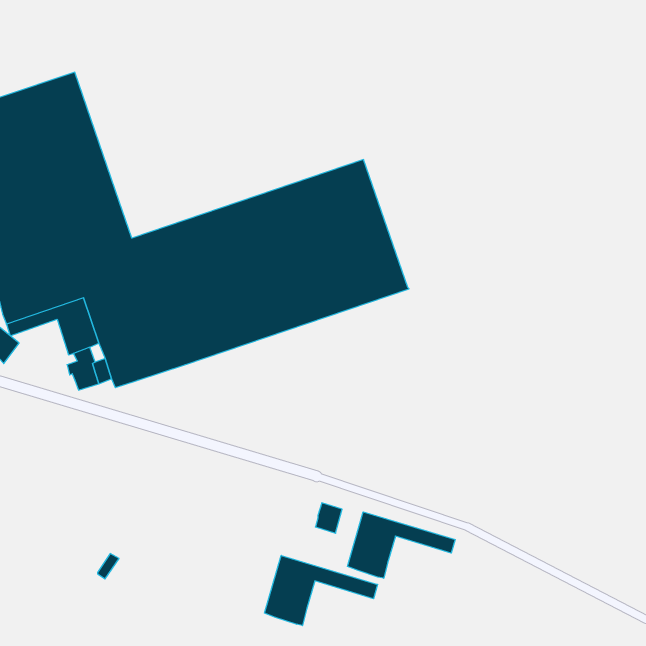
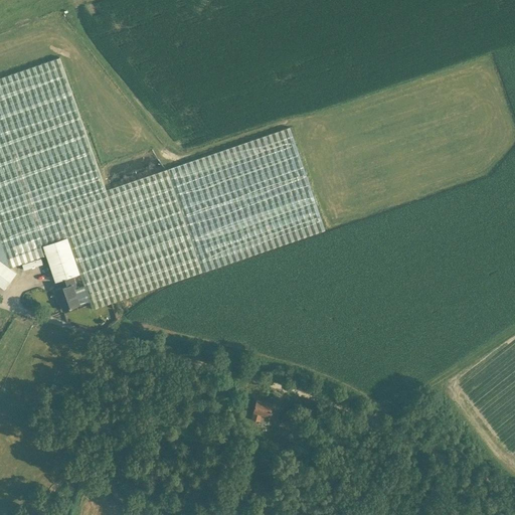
building: [347,512,455,578] -> none
building: [265,555,378,626] -> none

